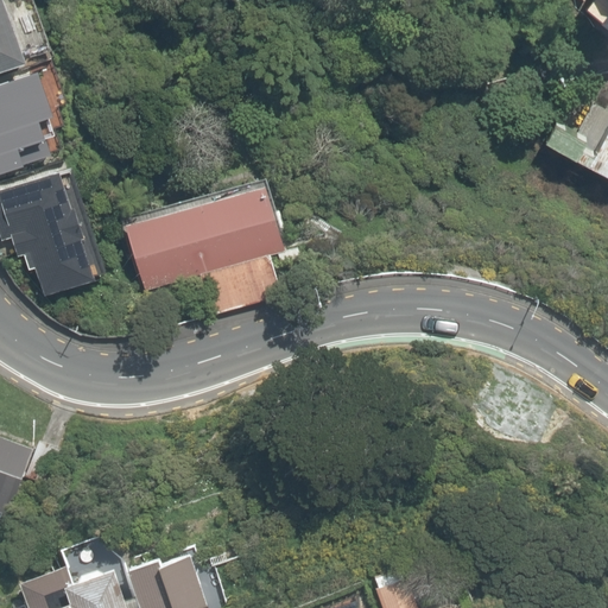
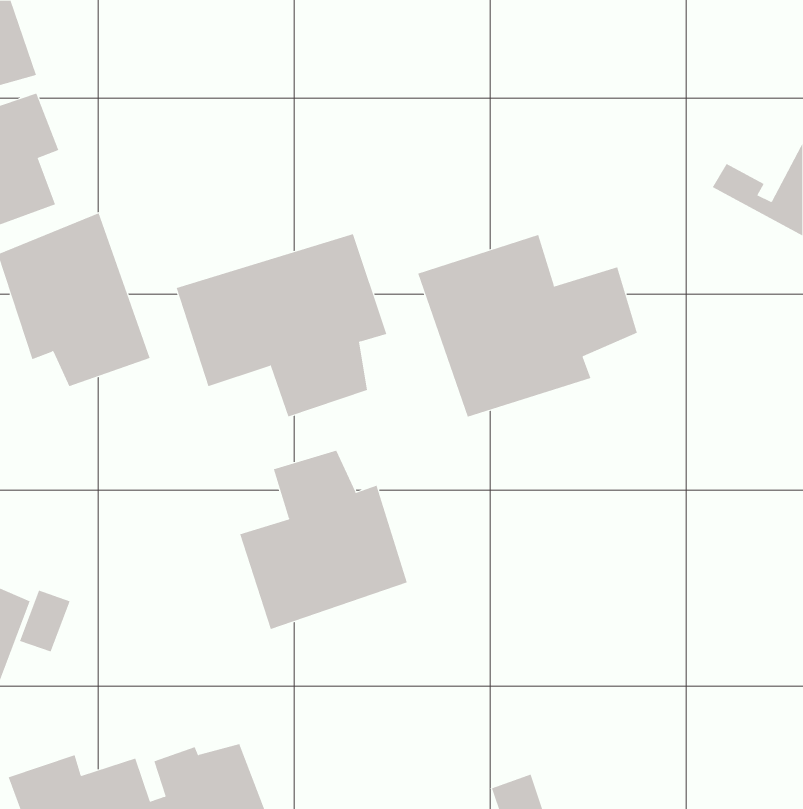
building: none -> [417,234,637,418]
building: none -> [240,450,408,630]

